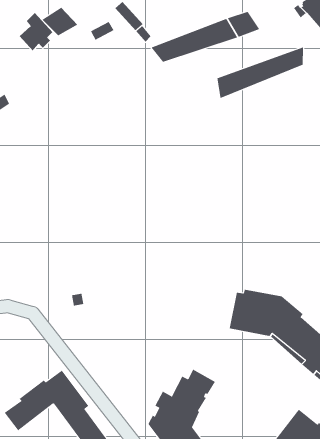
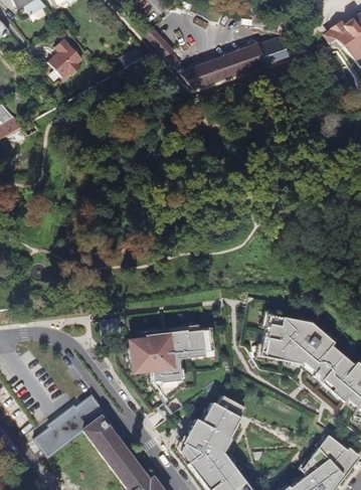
building: [42,7,78,36] -> none
building: [217,46,304,99] -> none
building: none -> [129,325,213,399]

